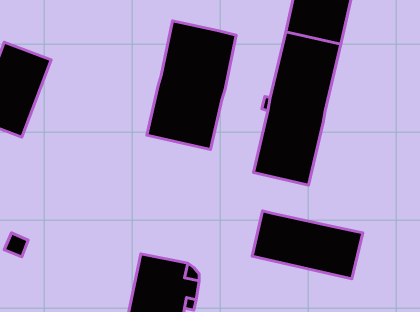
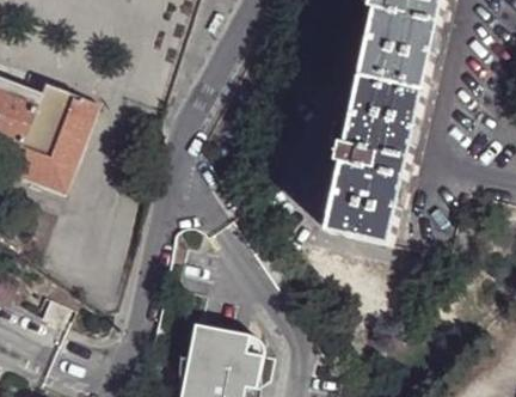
building: [147,21,236,150] -> none
building: [252,211,363,279] -> none

